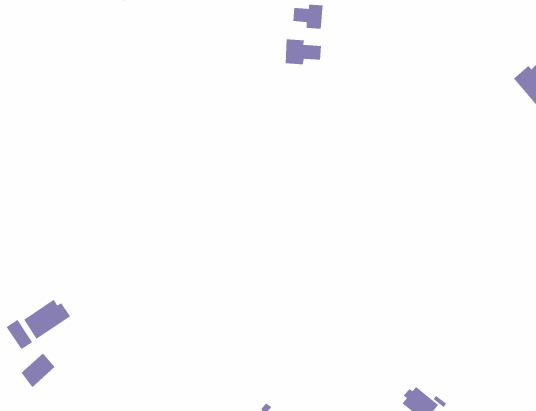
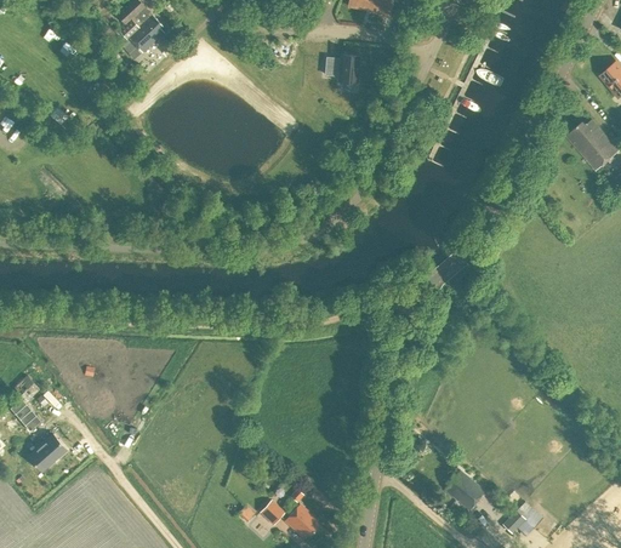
building: [285,38,322,65] -> none
building: [23,299,71,340] -> none

